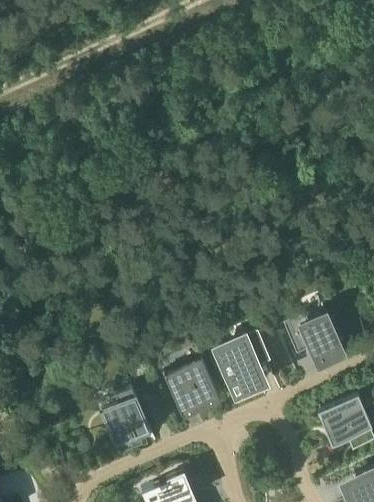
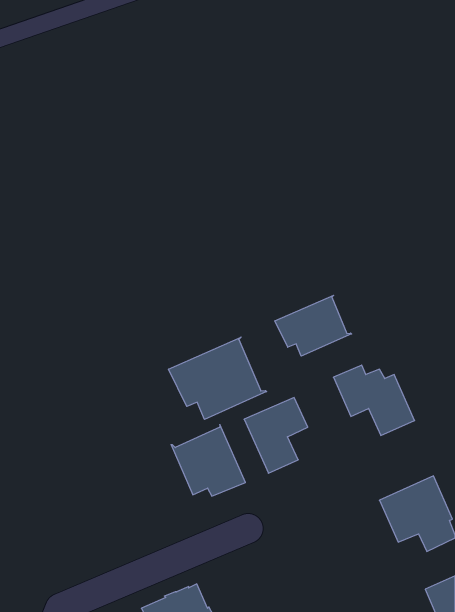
building: none -> [275,295,352,356]
building: none -> [169,337,267,419]
building: [104,389,150,452] -> none

